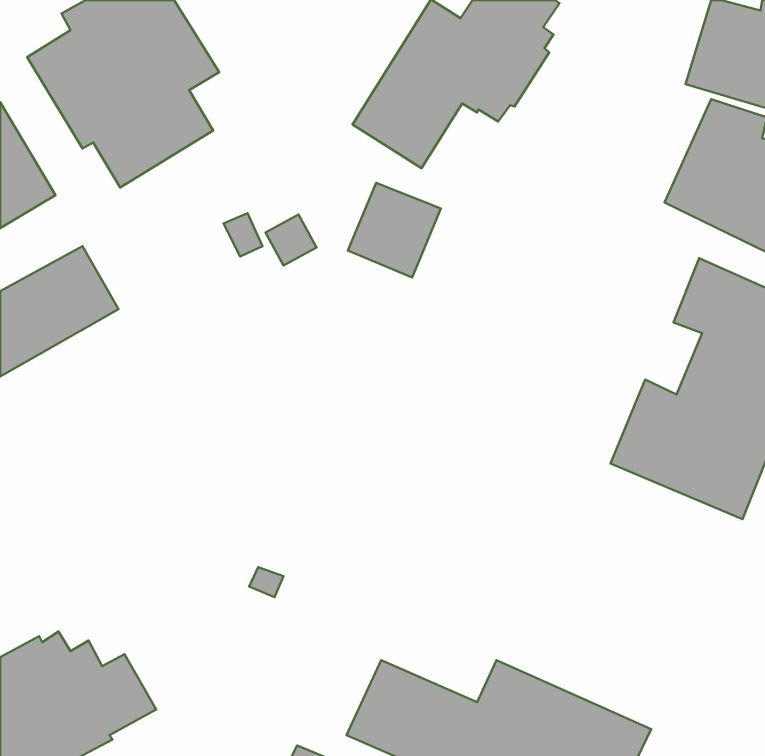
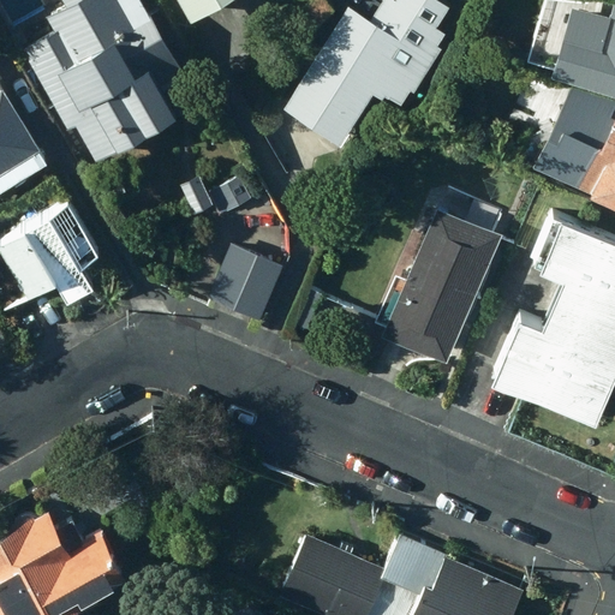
building: [348,183,441,277] -> [208,247,282,323]
building: none -> [376,208,502,363]

